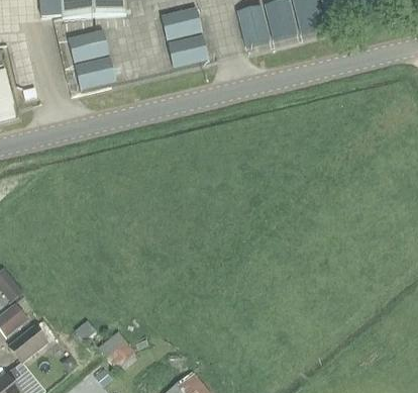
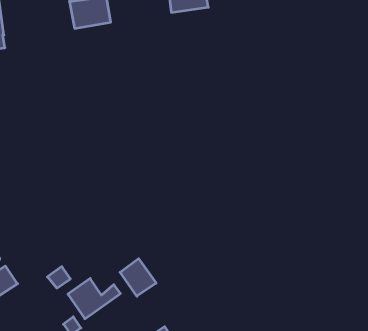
building: none -> [120,259,156,296]

